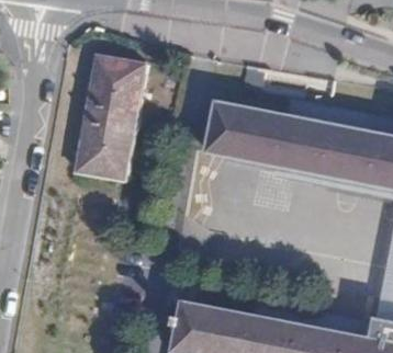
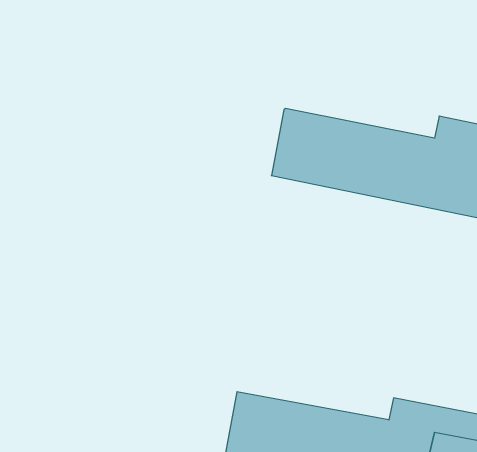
building: [77,55,146,180] -> none

